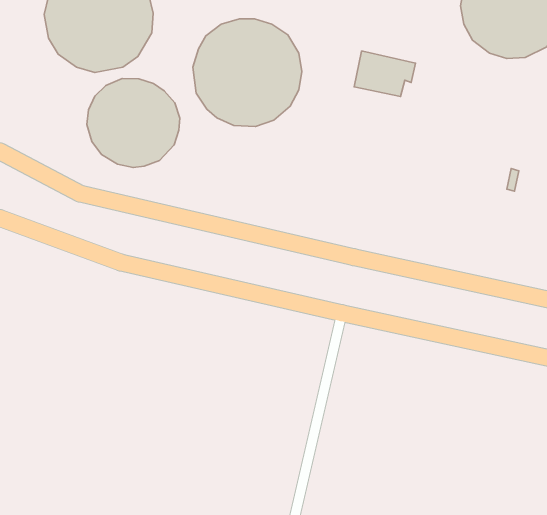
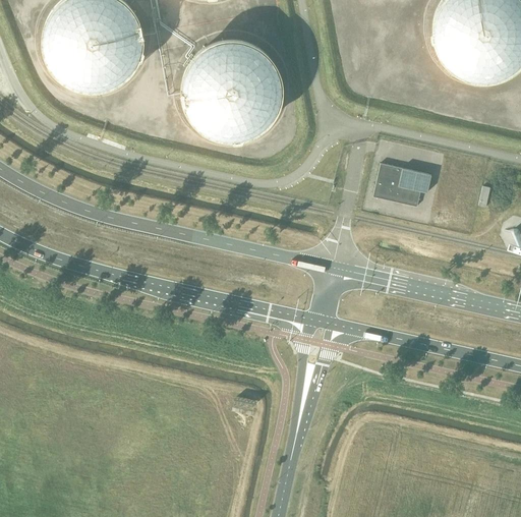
building: [354,51,416,97] -> [372,161,430,204]
building: [87,78,180,167] -> none

